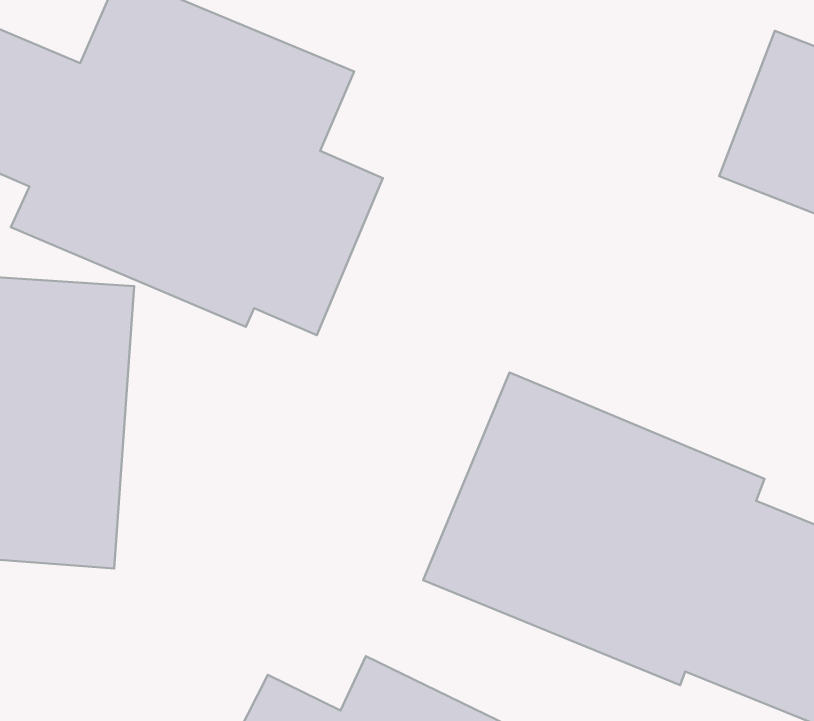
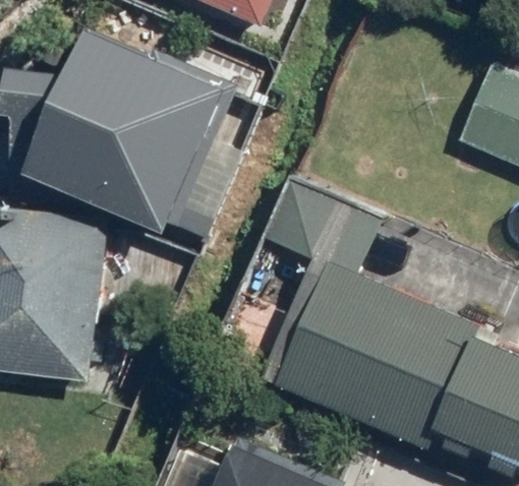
building: none -> [272,180,385,278]

